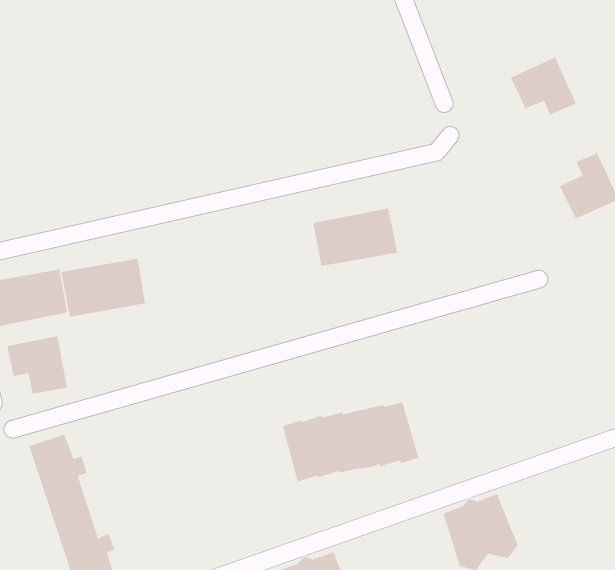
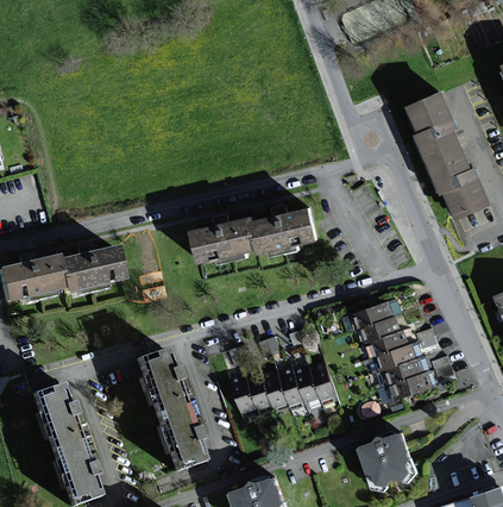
building: none -> [415,126,473,194]
building: none -> [194,217,260,263]
building: none -> [347,303,427,400]
building: [7,335,68,394] -> none
building: none -> [138,351,206,472]

